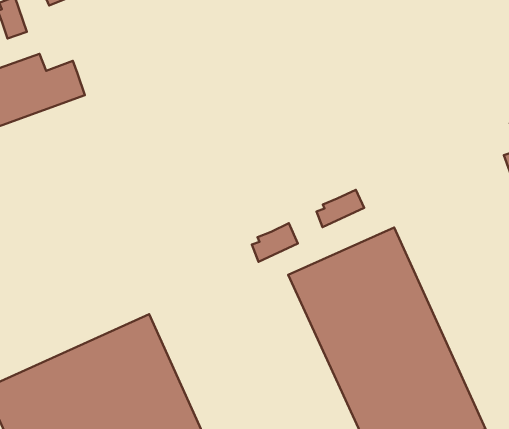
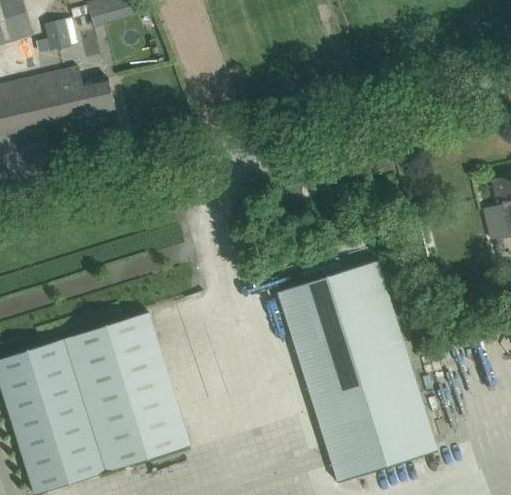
building: [316,190,364,227] -> none
building: [252,223,298,262] -> none

